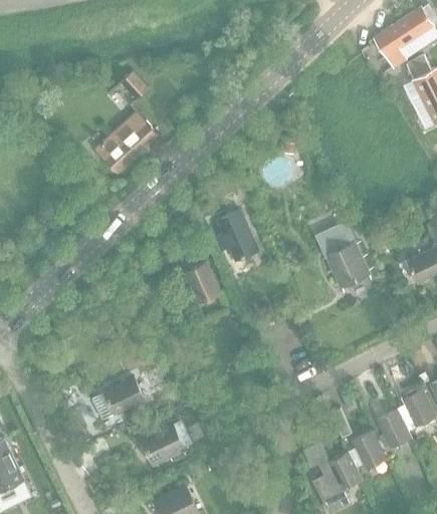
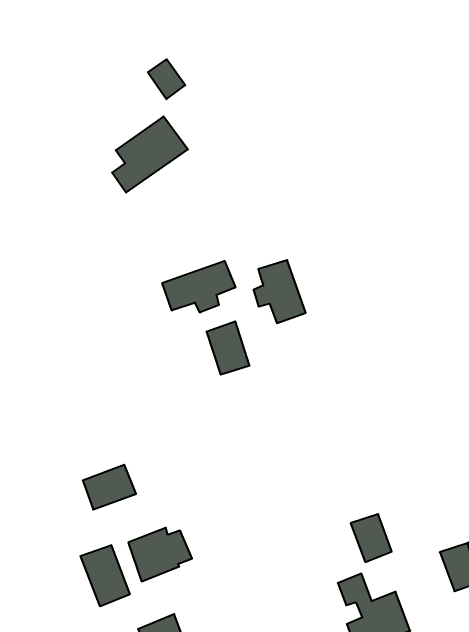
building: none -> [162,261,235,313]
building: [316,222,367,284] -> none
building: [352,431,385,468] -> [351,514,392,562]
building: none -> [80,545,130,606]

